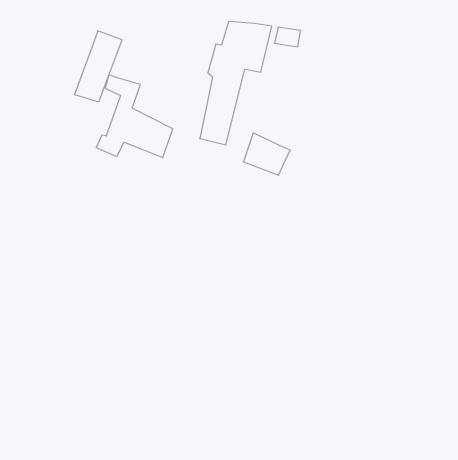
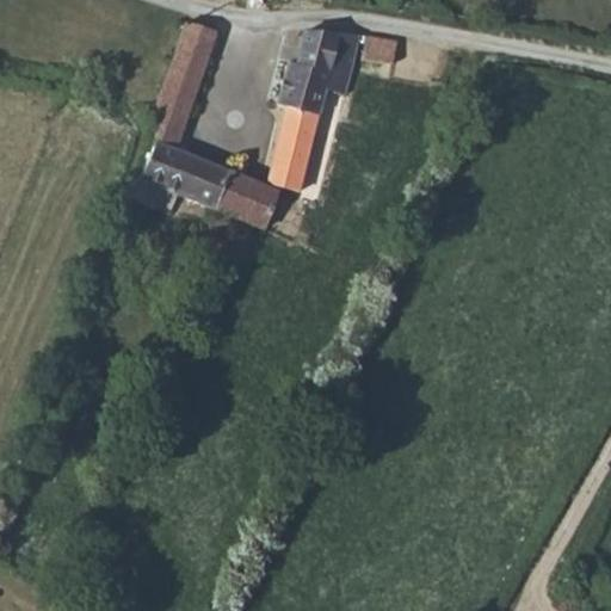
building: [74,31,122,102] -> [156,18,220,112]
building: [243,133,290,175] -> [218,171,280,227]

